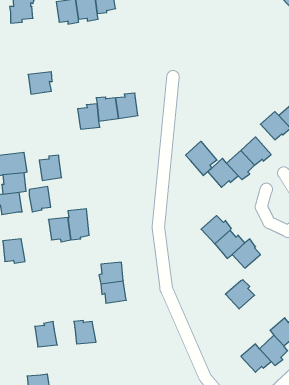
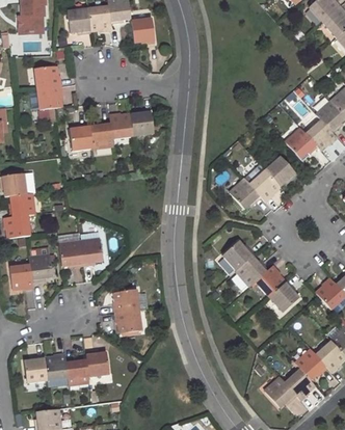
building: none -> [130,18,154,44]
building: none -> [34,65,61,88]
building: [186,141,217,176] -> none
building: [39,155,62,180] -> [69,123,92,150]
building: [29,187,51,212] -> [29,254,52,281]
building: [225,280,255,309] -> [268,279,299,311]
building: none -> [23,355,47,382]
building: none -> [64,357,88,383]

